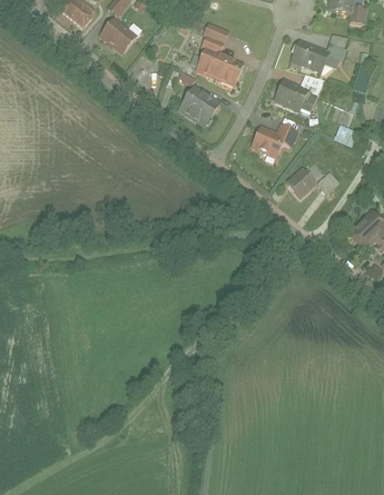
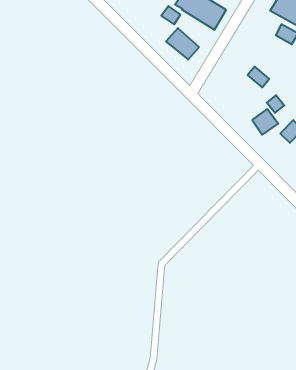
building: [269,81,308,113] -> none
building: [252,127,286,160] -> none

